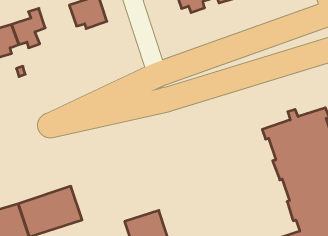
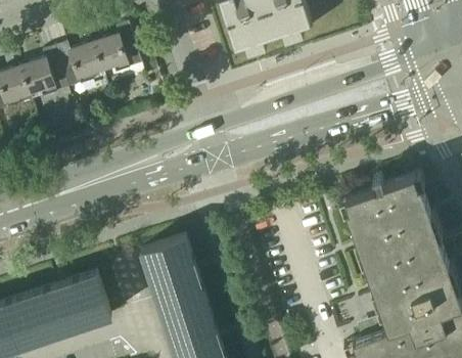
building: none -> [54,43,102,84]
building: none -> [141,237,207,319]

